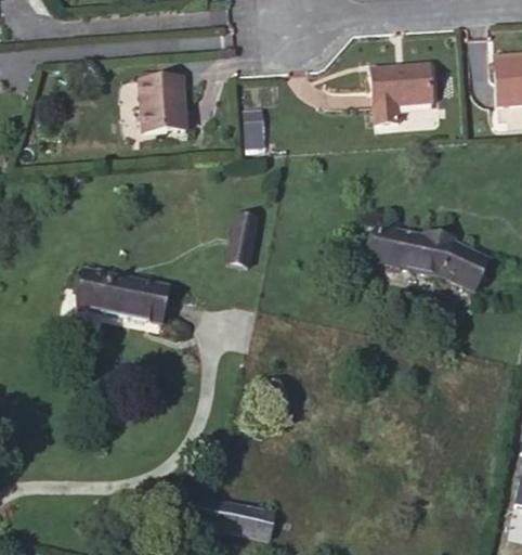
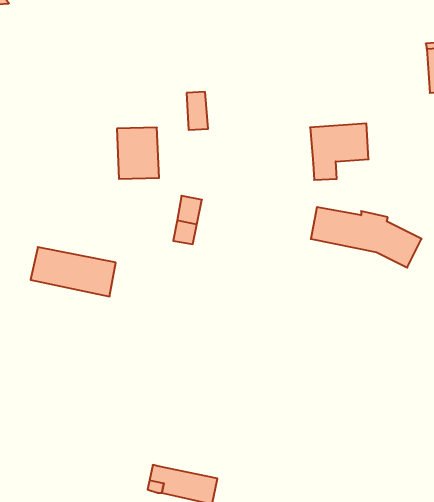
building: [370,64,432,124] -> [310,123,369,180]
building: [141,77,185,131] -> [117,128,159,179]

